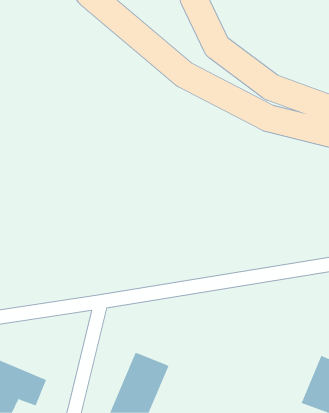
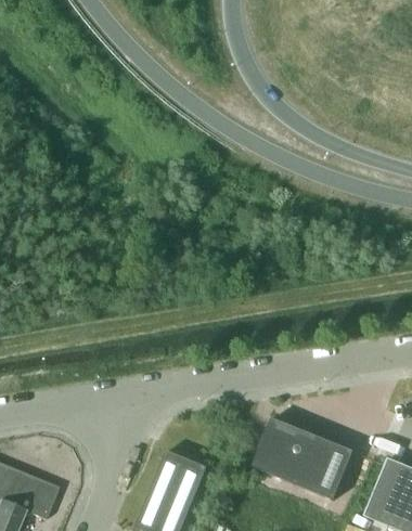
building: none -> [252,417,353,500]

